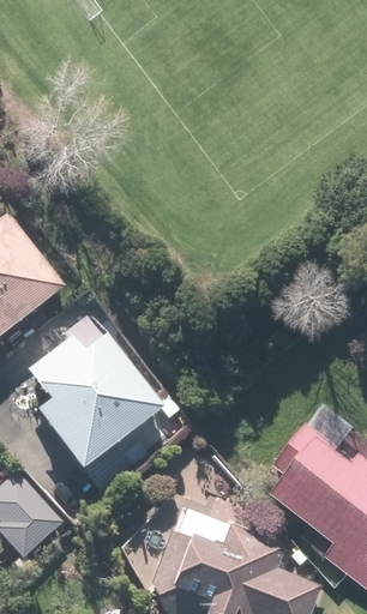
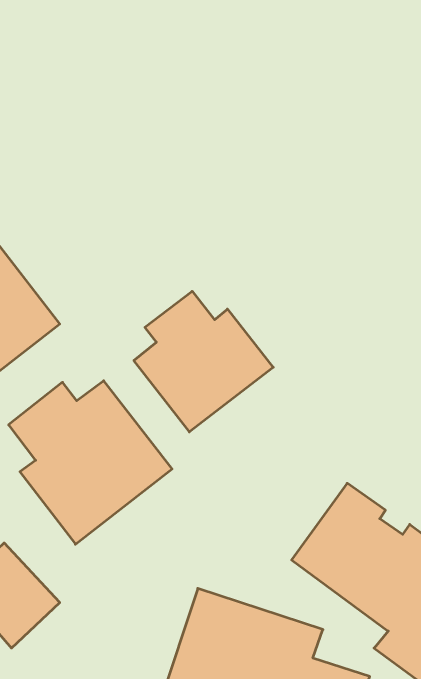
building: none -> [134,291,273,432]

